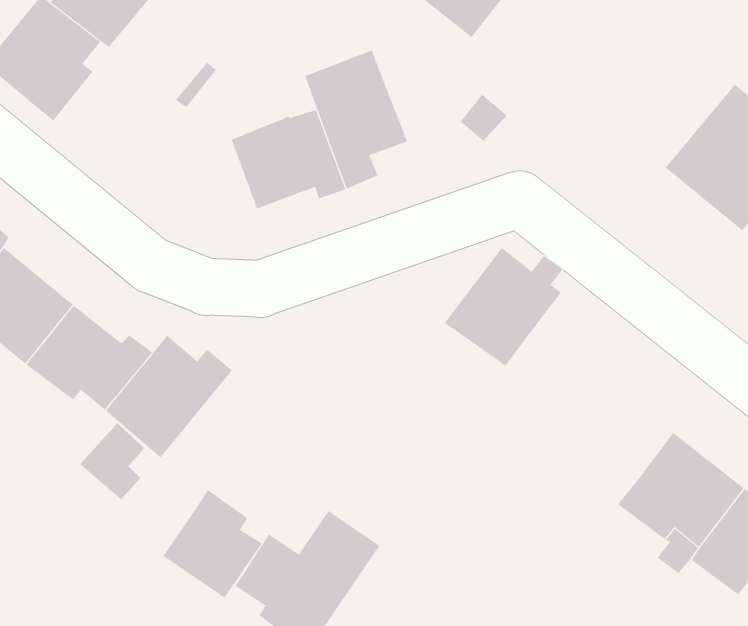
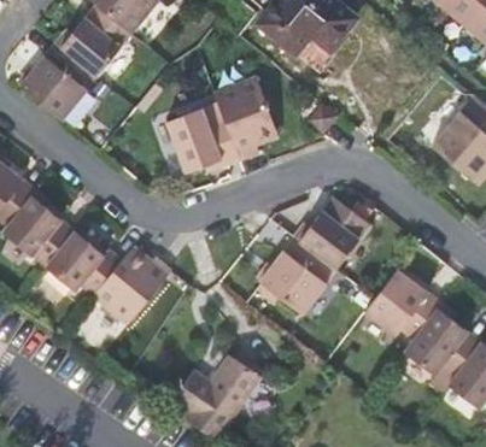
building: none -> [258,236,330,313]
building: none -> [363,269,440,337]
building: [162,489,262,598] -> none

